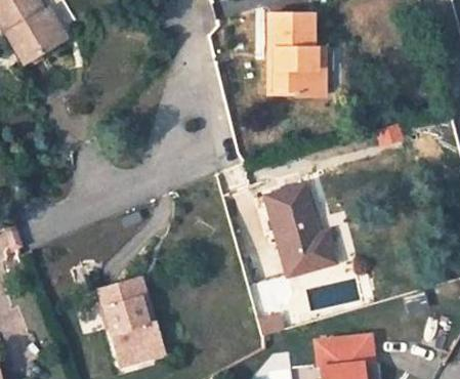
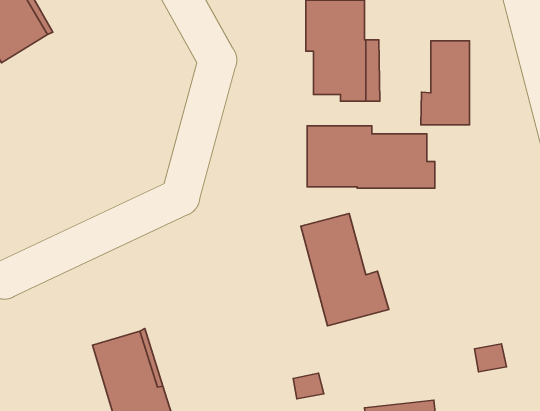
building: none -> [421,41,469,125]
building: none -> [307,126,435,188]

